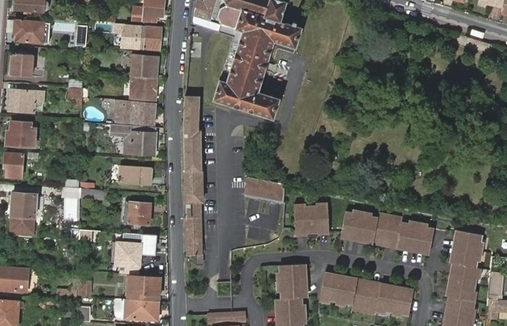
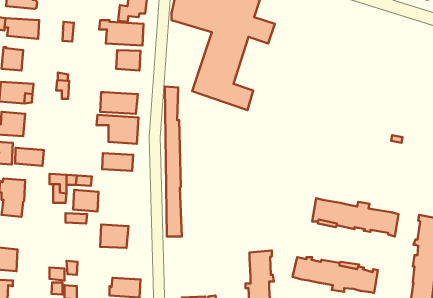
building: [131,75,158,99] -> none
building: none -> [15,148,44,166]
building: [246,175,285,202] -> none
building: [124,201,151,224] -> [73,190,99,211]
building: [296,206,329,232] -> none
building: [129,274,161,298] -> none

